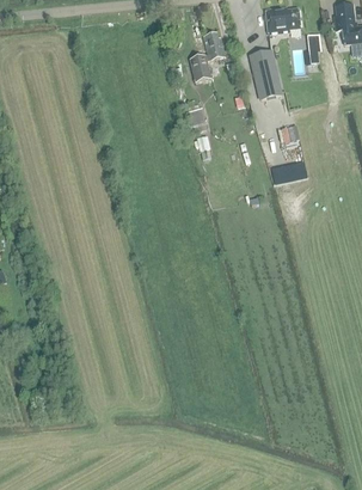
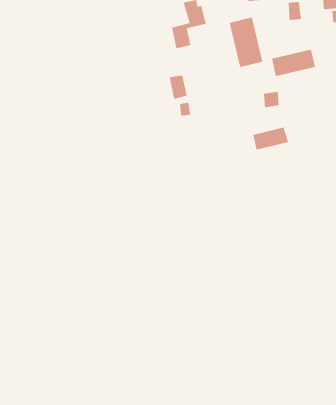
building: none -> [271,49,315,77]

